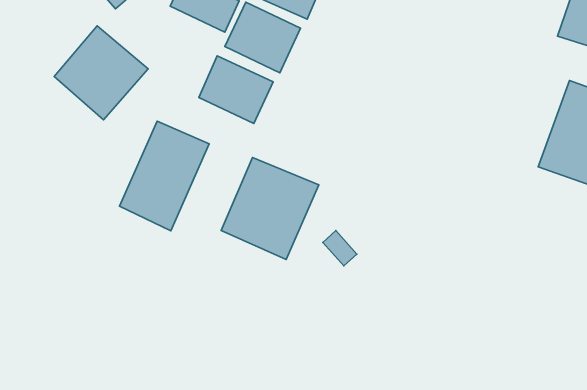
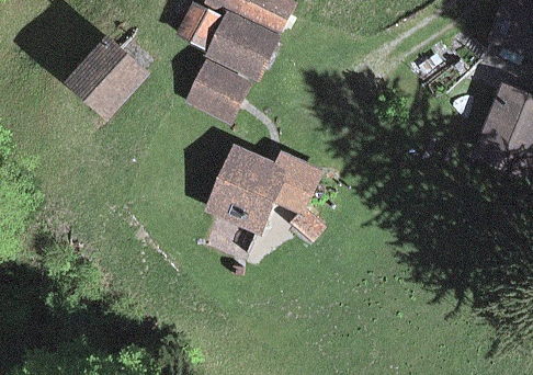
building: [119,121,209,231] -> none

